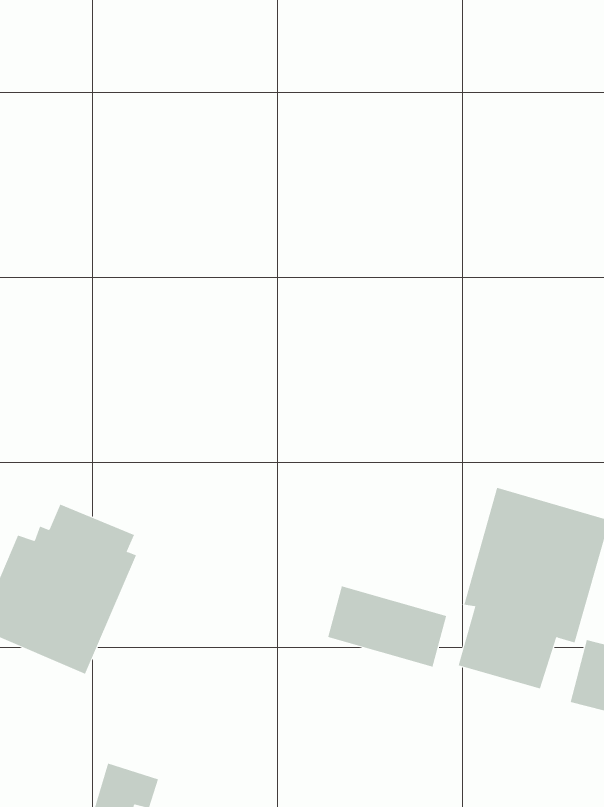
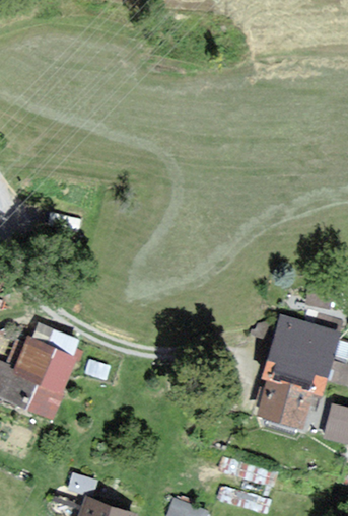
building: [328,585,447,667] -> none

